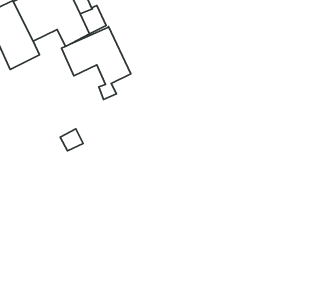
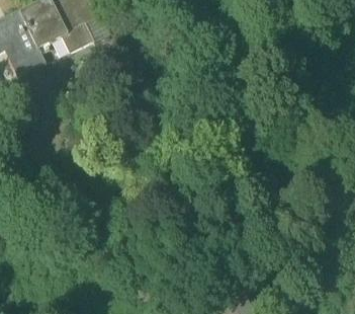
building: [61,27,131,99] -> none

